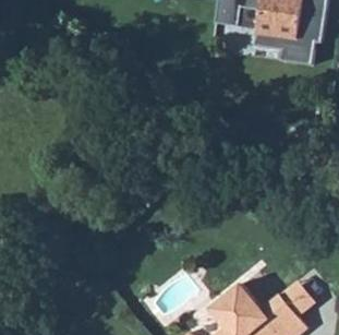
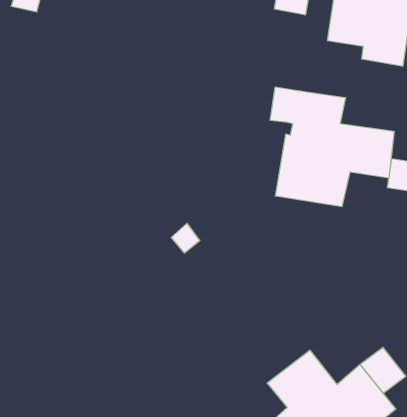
building: none -> [270,87,394,207]

